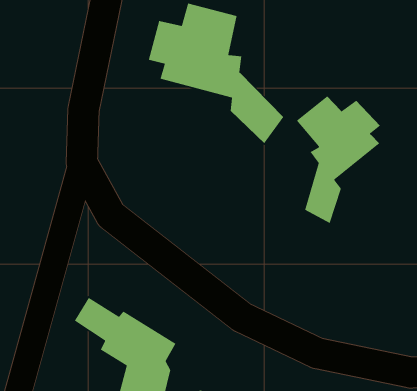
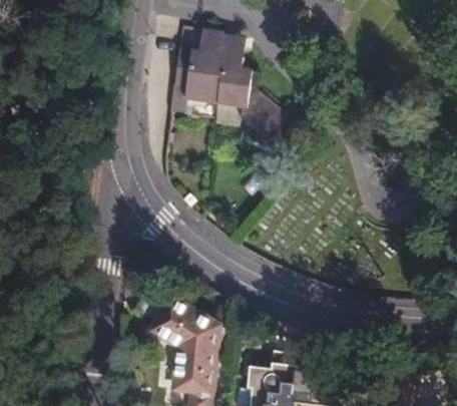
building: [296,96,381,224] -> none

